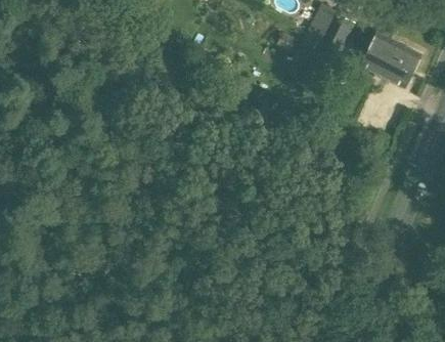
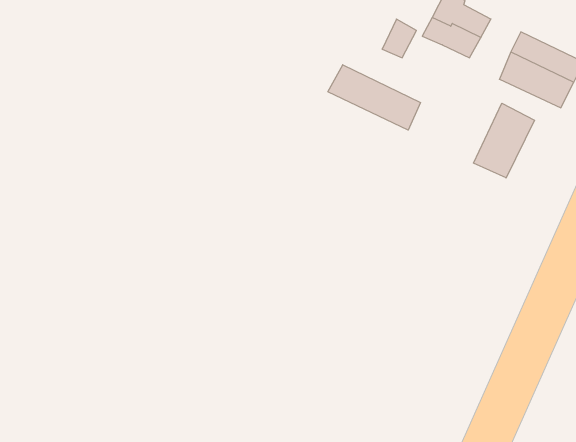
building: none -> [328,65,421,130]
building: none -> [473,103,534,178]

